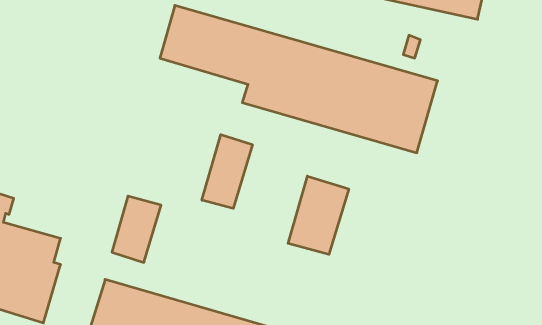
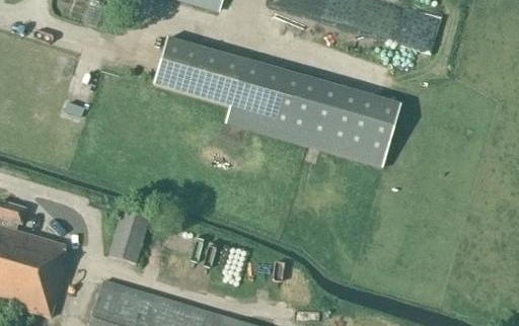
building: [202,135,252,208] -> none
building: [288,176,349,254] -> none

